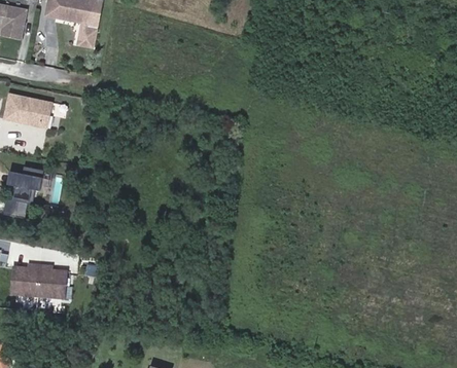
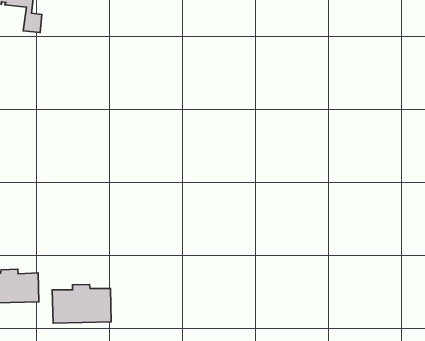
building: none -> [52,285,111,323]

